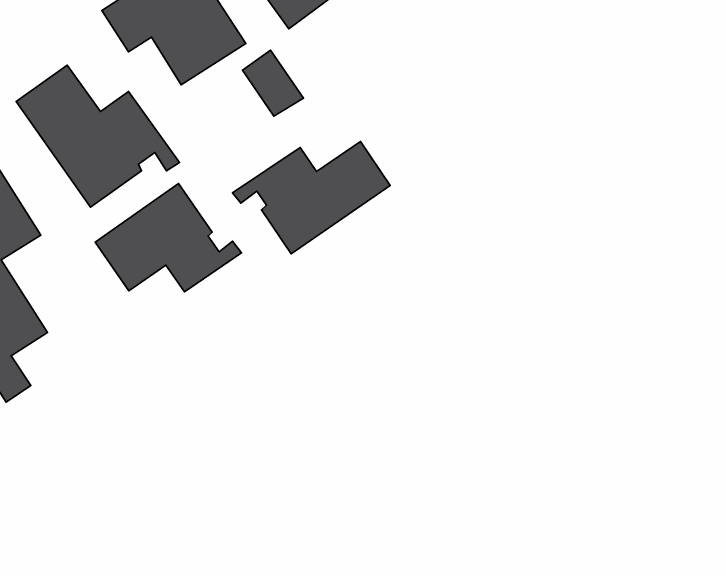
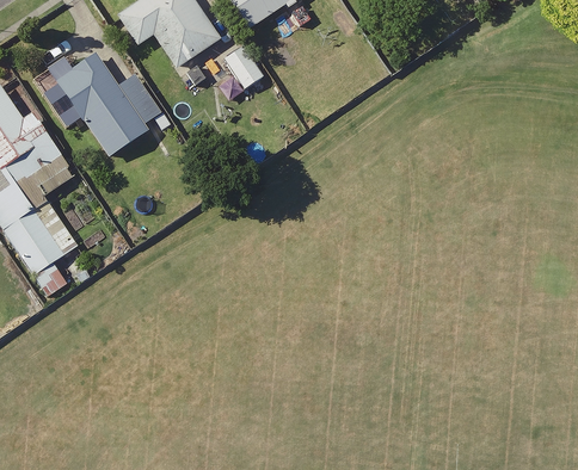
building: [233,142,390,254] -> none
building: [95,184,241,292] -> none

